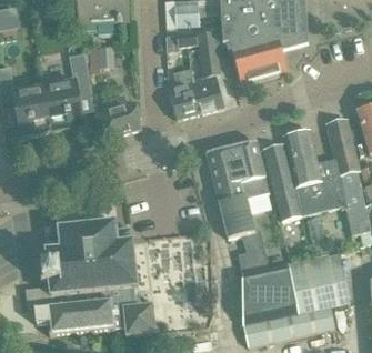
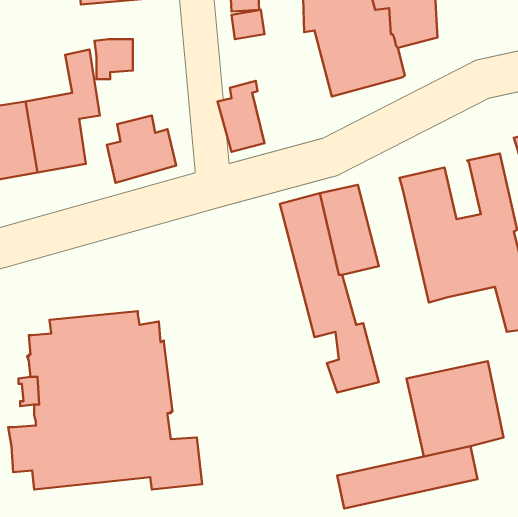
building: [189,26,223,112] -> none
building: [264,142,300,219] -> none
building: [243,263,299,325] -> none

